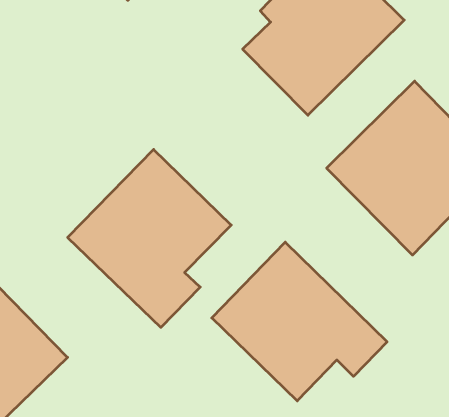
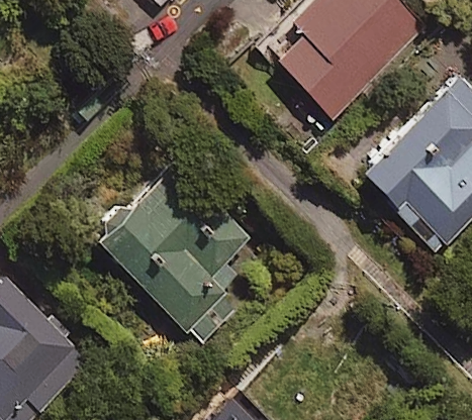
building: [212,242,387,401] -> none

